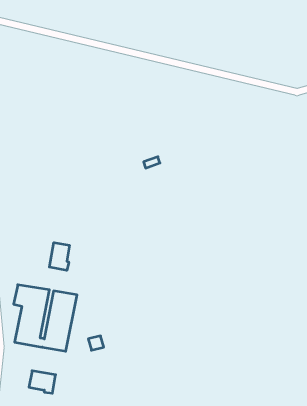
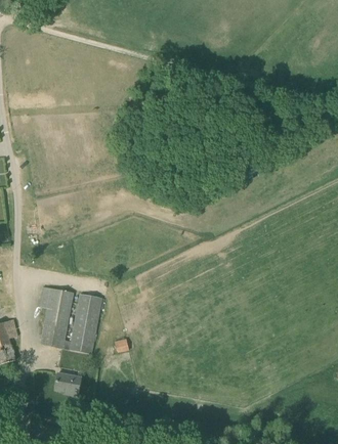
building: [49,243,69,270] -> none

